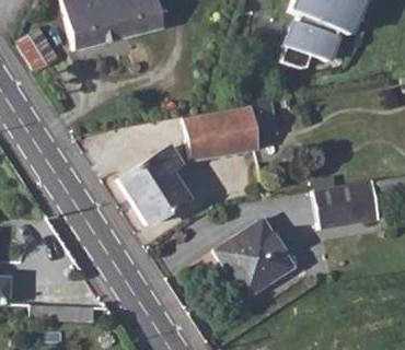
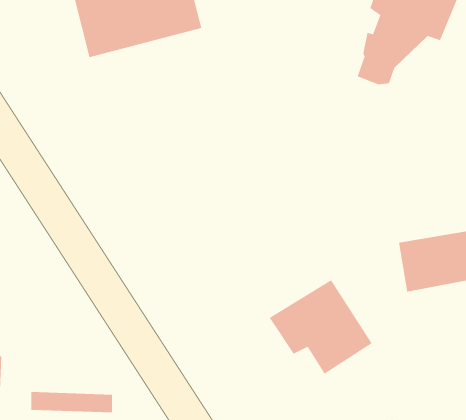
building: [185,101,276,160] -> none
building: [120,147,188,224] -> none

